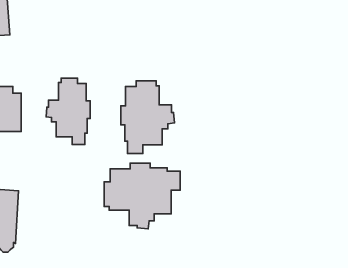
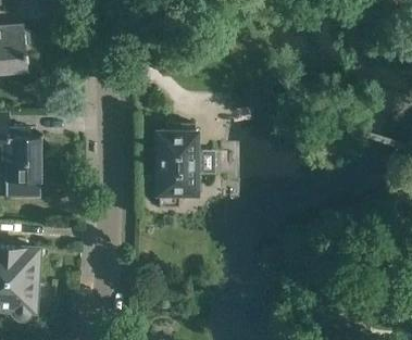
building: [46,78,90,145] -> none
building: [104,163,180,229] -> none

